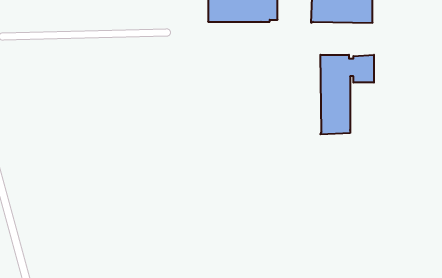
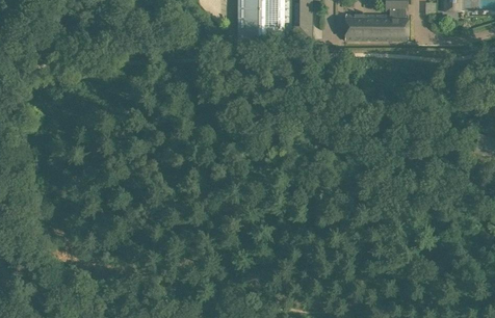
building: [320,55,374,134] -> none

